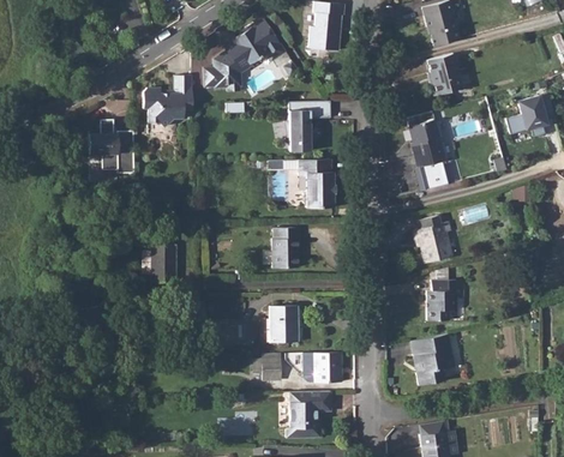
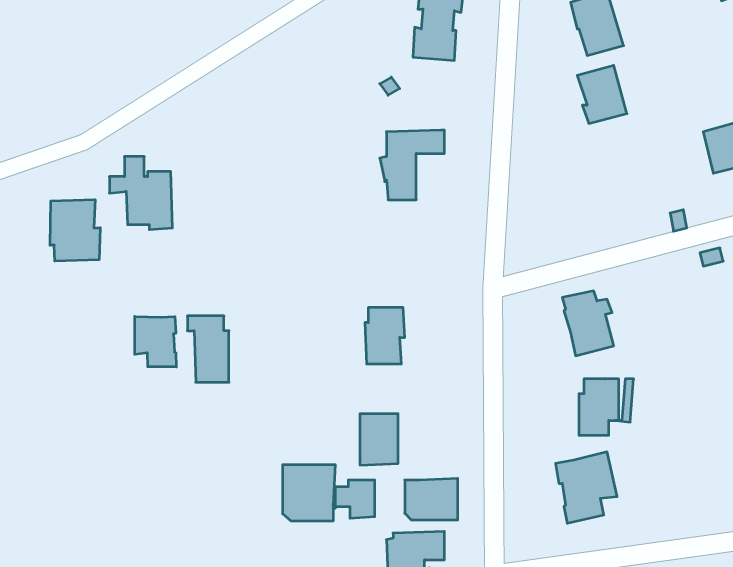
building: [203,19,284,90] -> none
building: [142,77,191,128] -> none
building: [408,119,450,191] -> none
building: none -> [50,200,100,261]
building: [298,158,335,206] -> none
building: none -> [135,316,176,367]
building: none -> [283,465,335,521]

